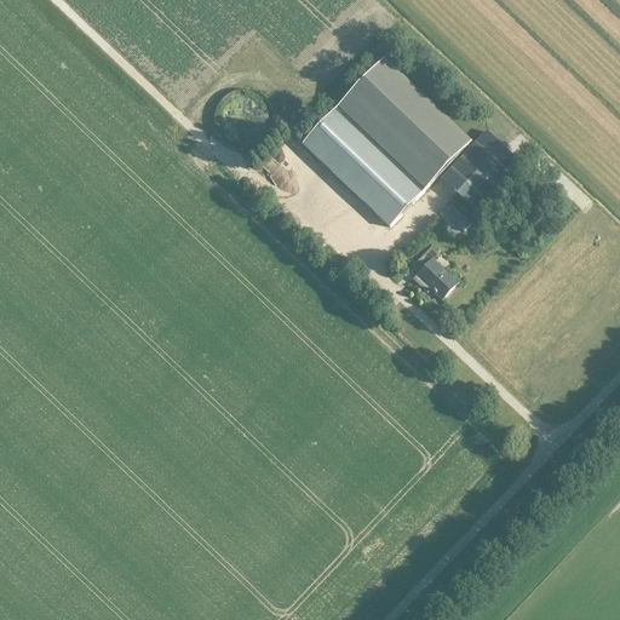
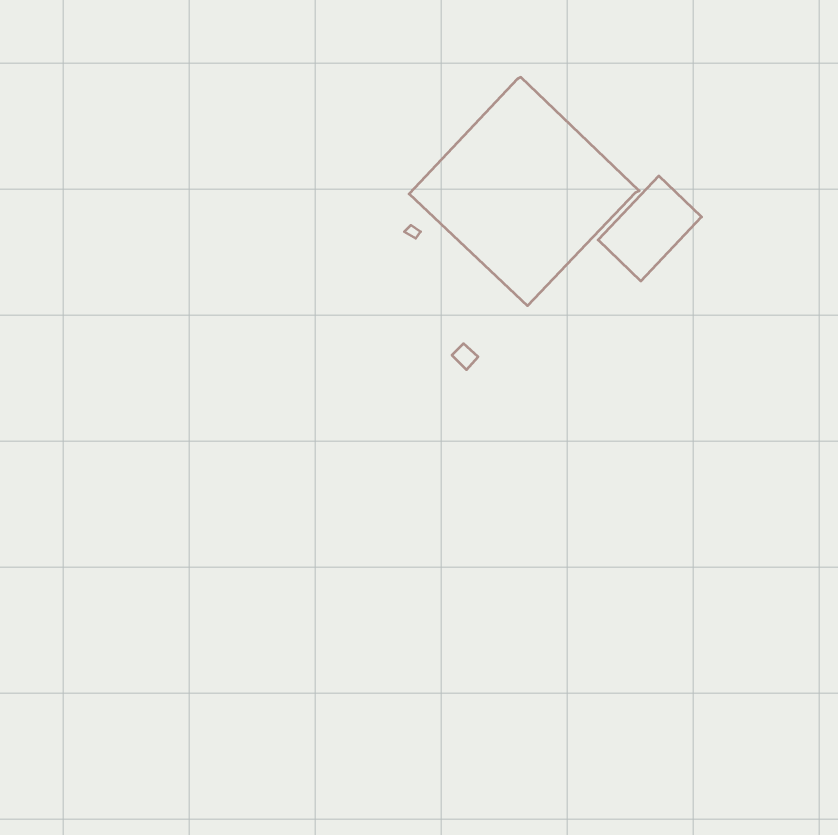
building: [412,245,457,298] -> none

